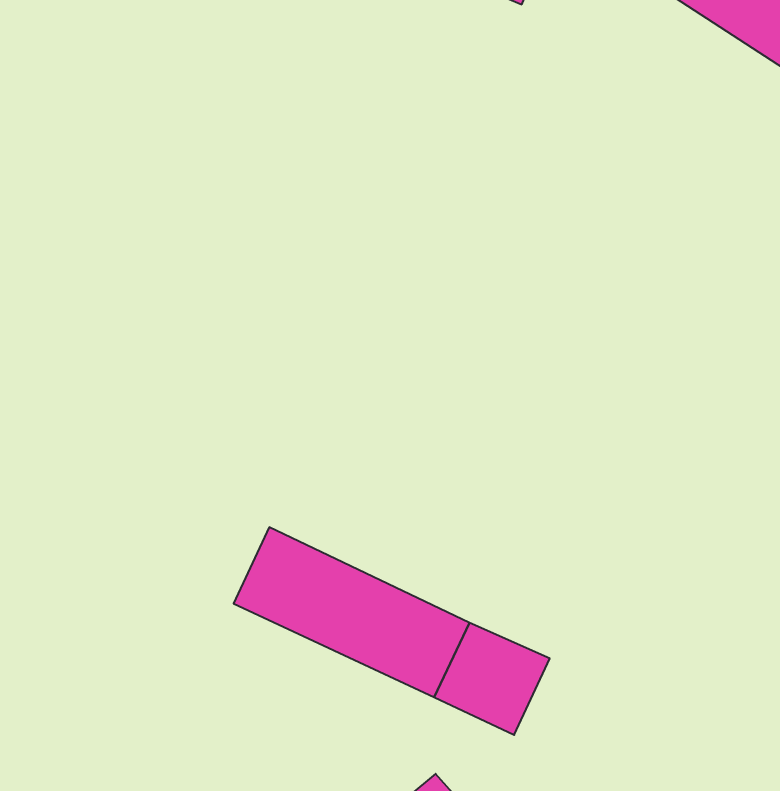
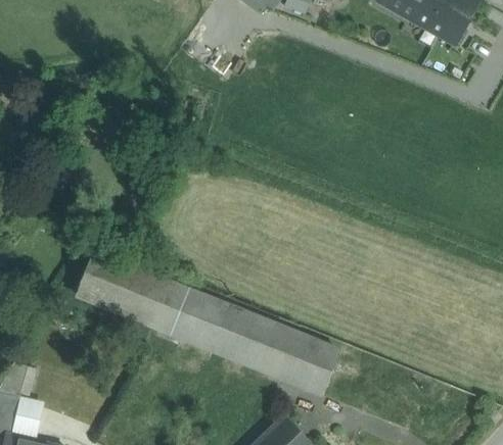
building: none -> [76,252,188,332]

